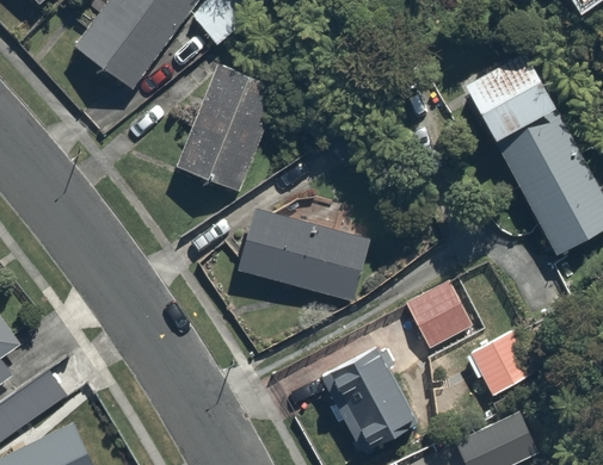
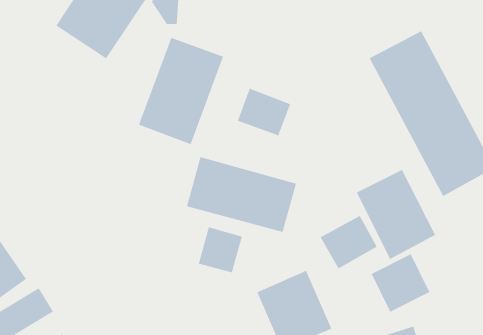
building: none -> [237,88,291,136]
building: none -> [356,169,436,260]
building: none -> [198,226,243,273]

